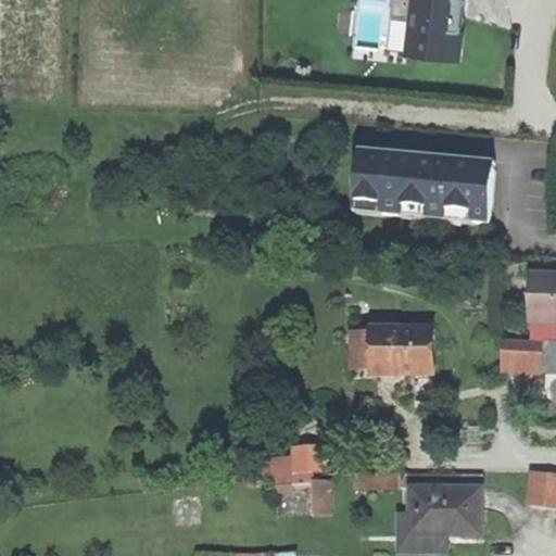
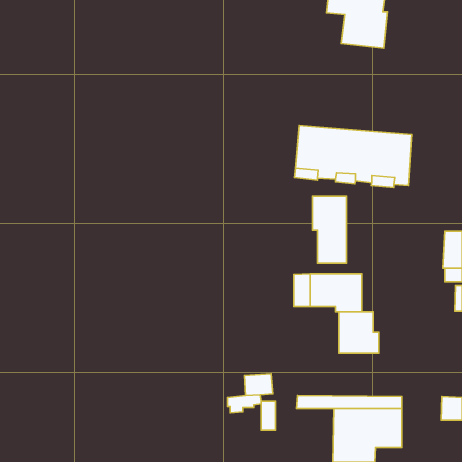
building: none -> [313,196,347,263]
building: [502,338,540,370] -> none
building: none -> [339,312,379,353]

